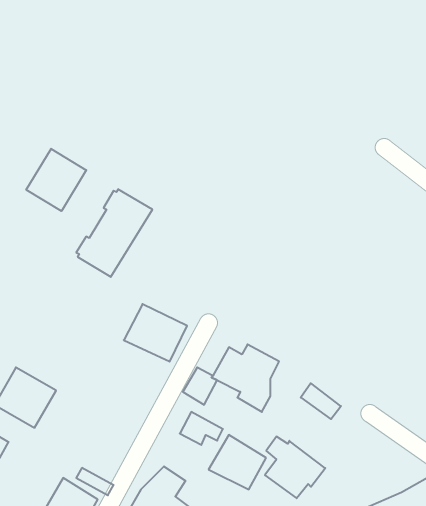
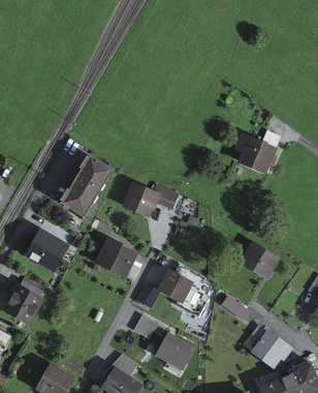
building: [26,149,86,211] -> none
building: none -> [233,132,277,175]
building: none -> [121,181,179,218]
building: none -> [23,228,69,273]
building: none -> [239,240,279,278]
building: [265,437,325,498] -> [250,325,293,369]

